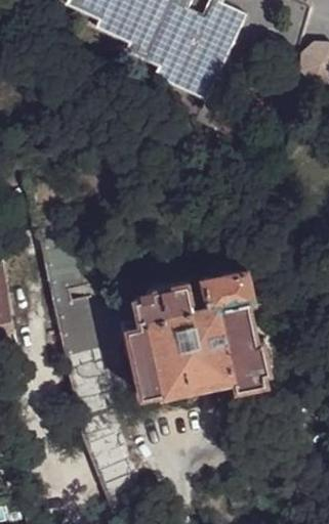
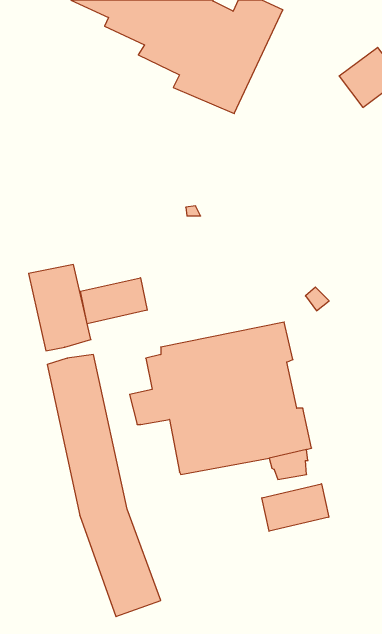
building: none -> [80,278,147,324]
building: [129,347,161,393] -> none
building: none -> [262,484,329,531]

